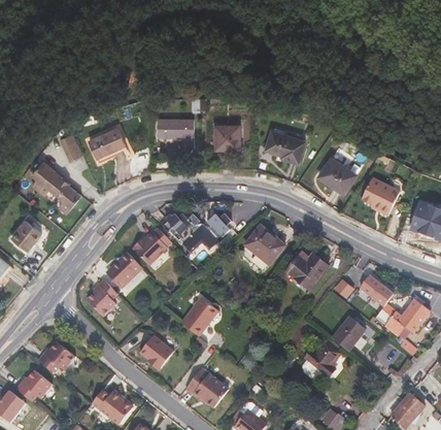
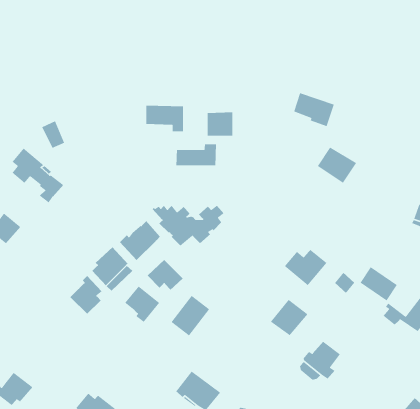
building: [89,127,124,158] -> none
building: [265,130,304,163] -> [293,92,335,127]
building: none -> [175,143,217,166]
building: [364,178,403,219] -> none
building: [244,225,283,264] -> none
building: none -> [147,259,183,290]
building: [330,316,366,351] -> [270,299,308,336]
building: [140,336,174,371] -> [124,285,160,323]
building: [37,342,73,373] -> none

